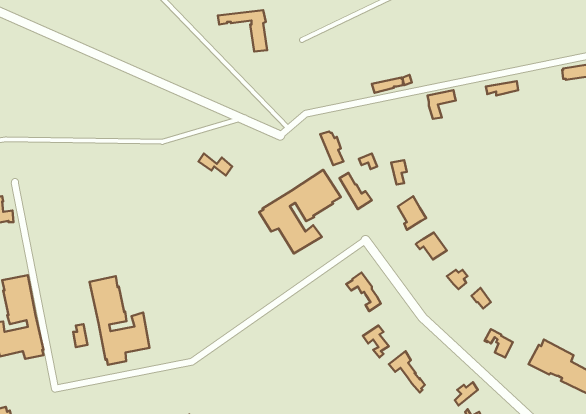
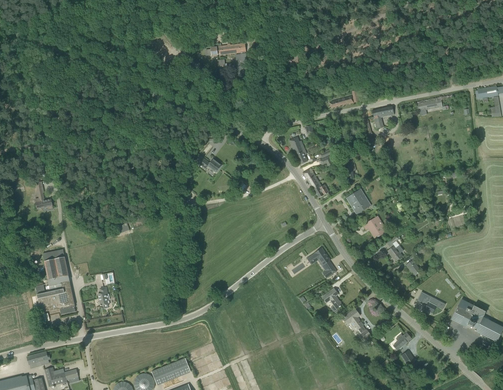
building: [259,170,341,254] -> none
building: [89,276,150,365] -> none

